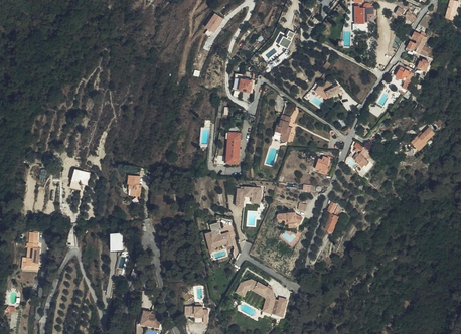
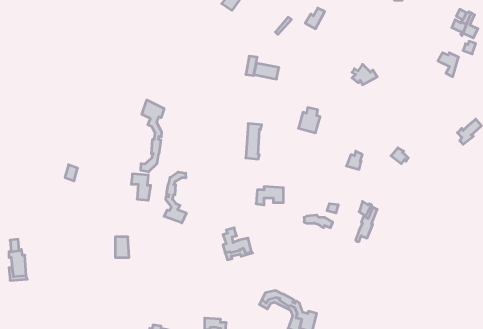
building: none -> [141,100,164,172]
building: none -> [164,172,186,223]

